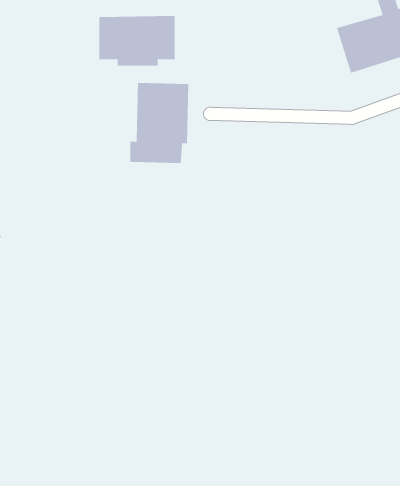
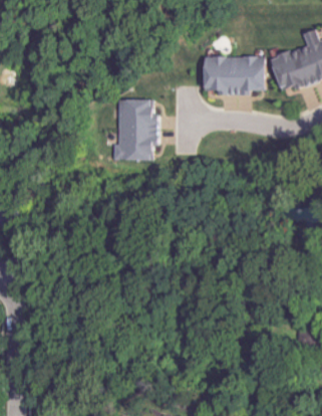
building: [99,15,175,66] -> [205,55,264,94]

